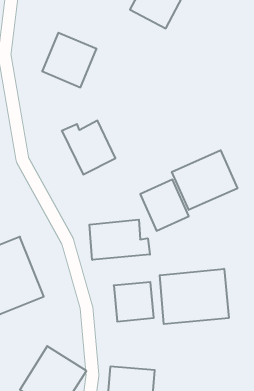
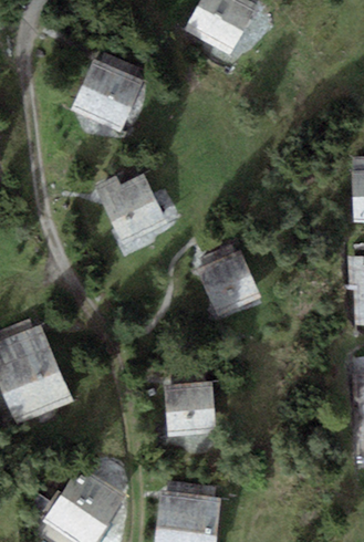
building: [172,150,237,210] -> none
building: [89,220,150,260] -> none
building: [160,269,229,324] -> none

